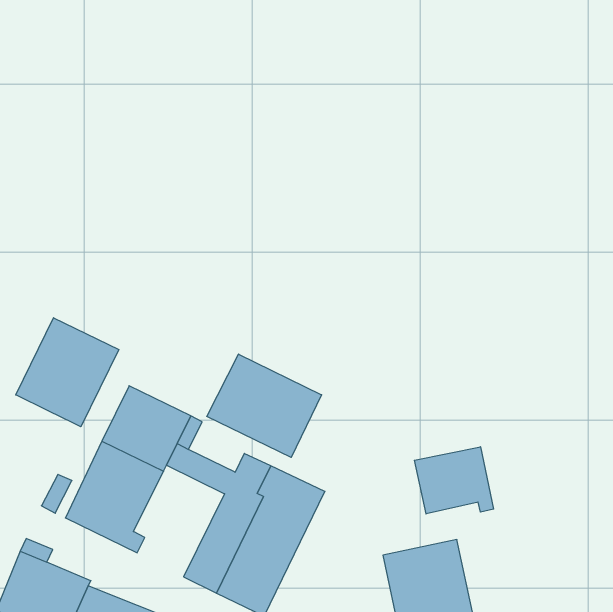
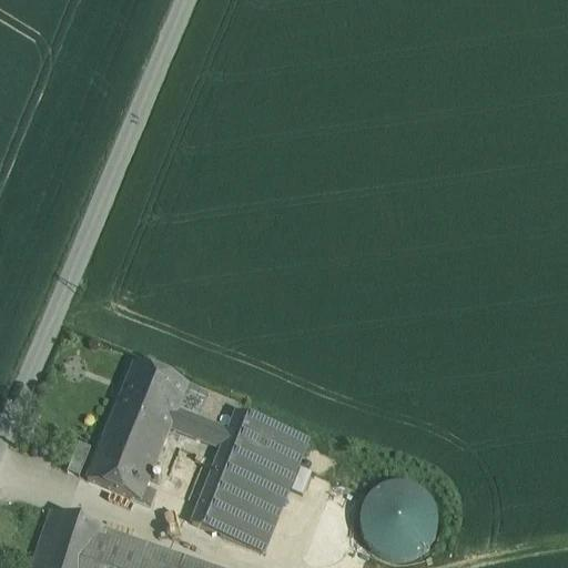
building: [16,318,119,427] -> none
building: [207,354,322,457] -> none
building: [414,447,494,514] -> none

